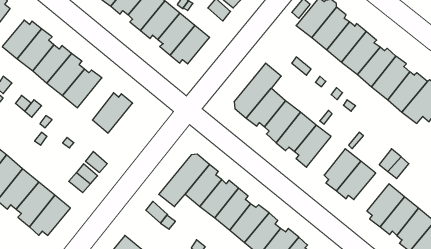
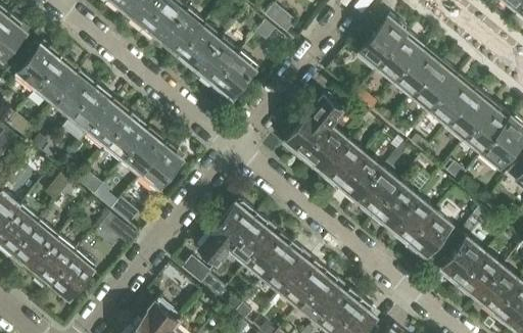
building: none -> [104,113,146,162]
building: none -> [140,143,182,191]
building: none -> [372,182,417,227]

